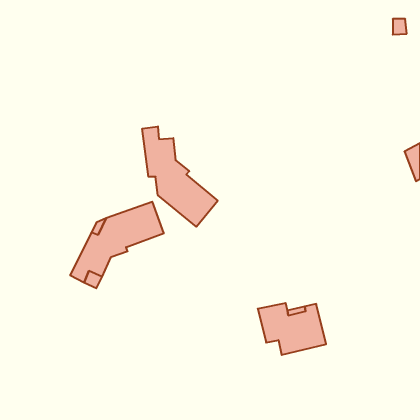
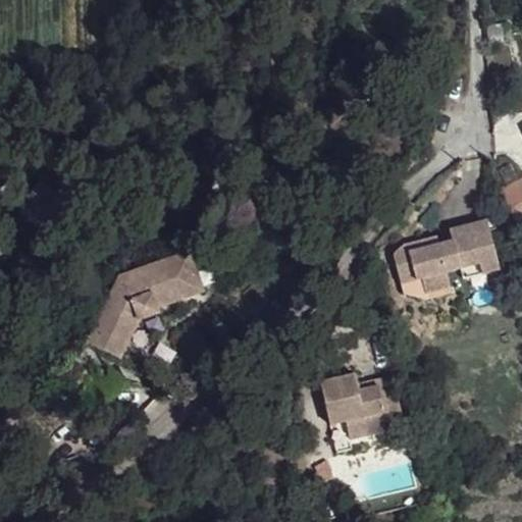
building: [142,126,218,227] -> none
building: none -> [393,219,499,293]

